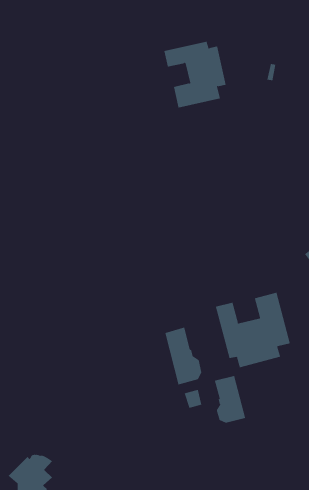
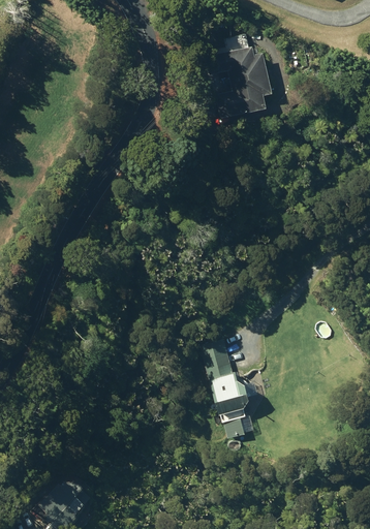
building: [215,292,290,368] -> none
building: [214,375,246,424] -> none

